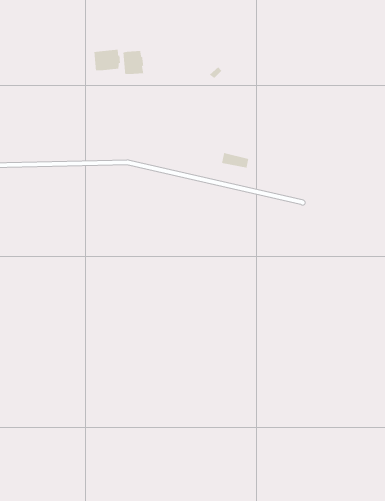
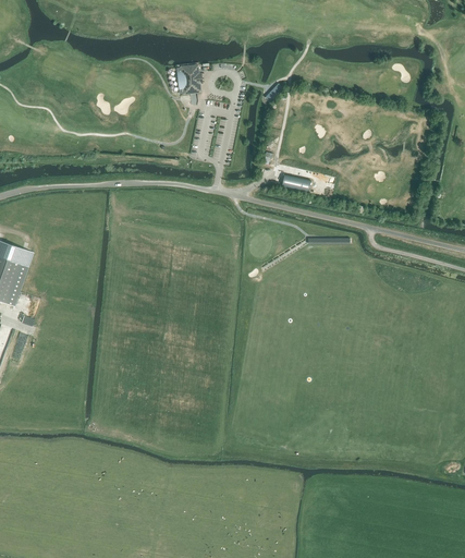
building: [93,49,121,71] -> none

